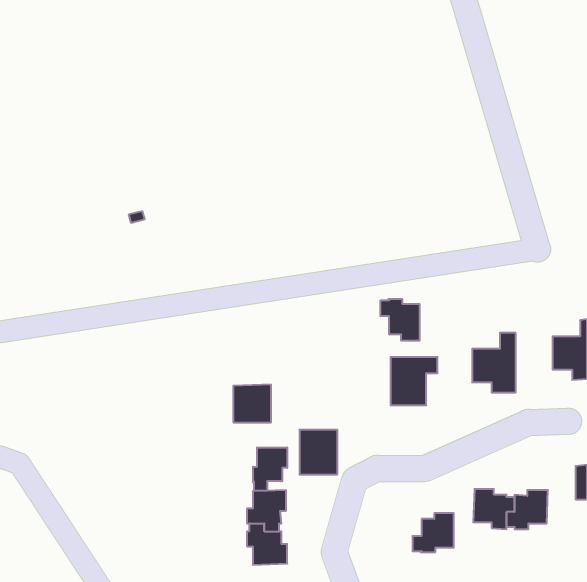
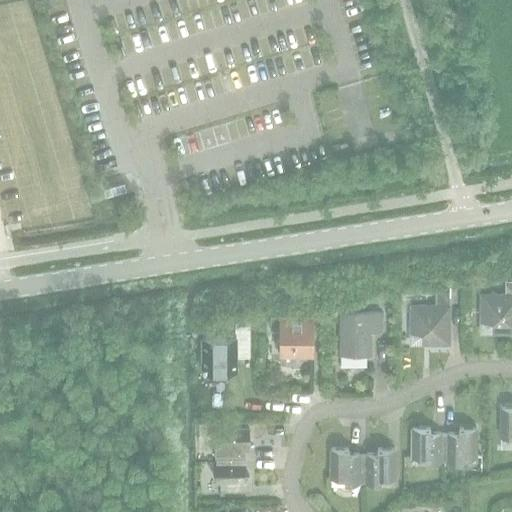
building: [381,299,420,341] -> none
building: [299,430,337,474] -> [280,319,313,358]
building: [253,447,287,491] -> none
building: none -> [331,451,367,485]

